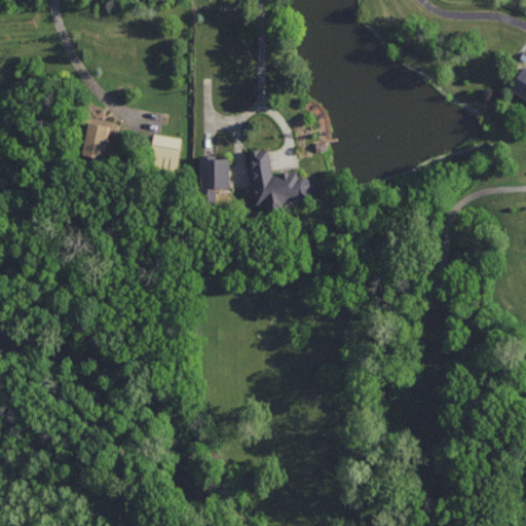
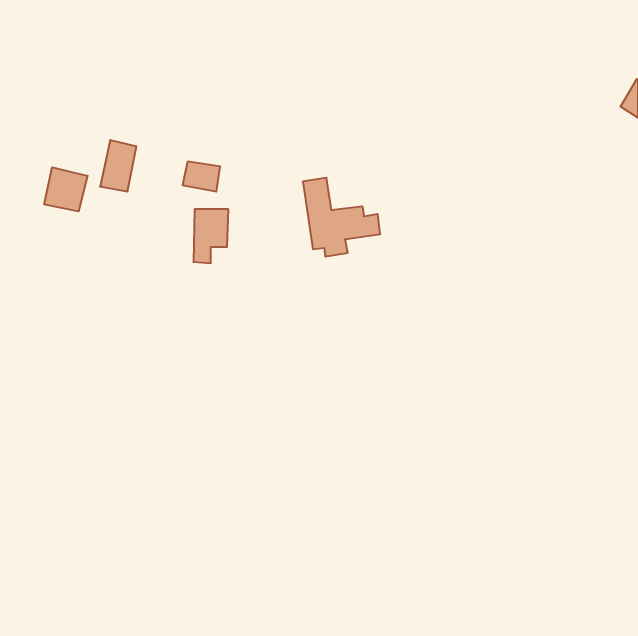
building: none -> [44,167,88,211]
building: [201,158,230,202] -> [193,209,228,263]

